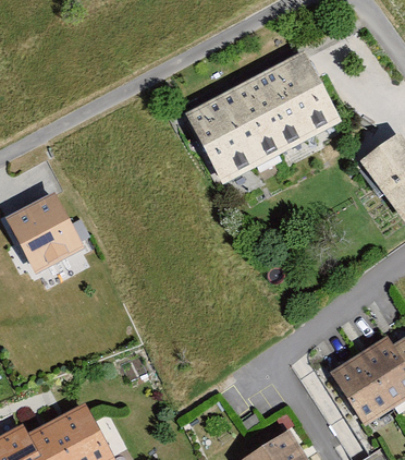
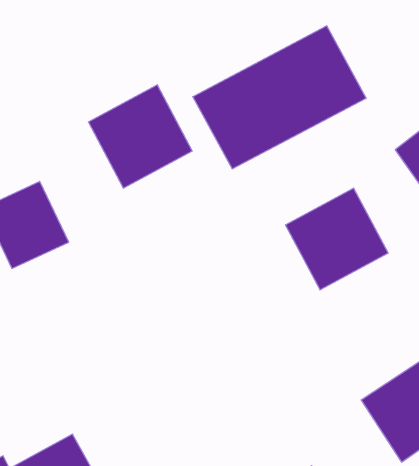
building: none -> [88,85,192,188]
building: none -> [286,188,388,290]

